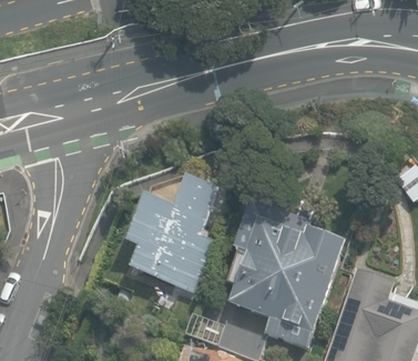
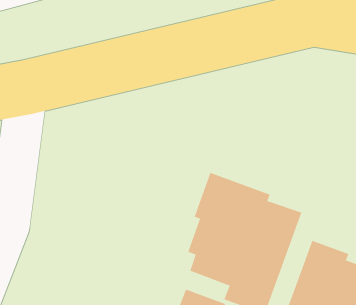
building: [128,177,220,293] -> none

